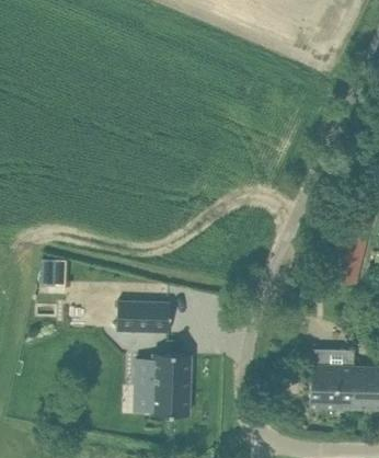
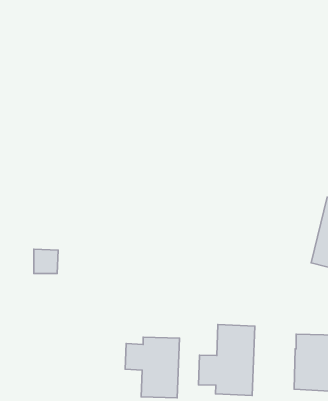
building: [116,302,170,333] -> none
building: none -> [199,324,255,395]

